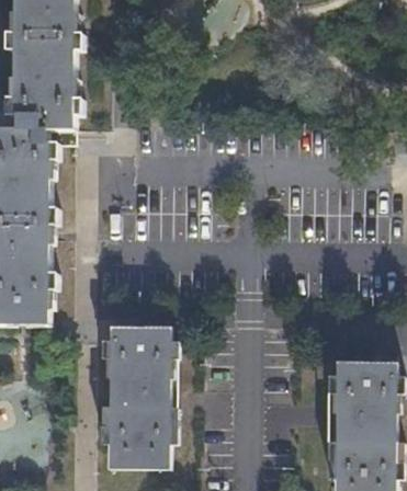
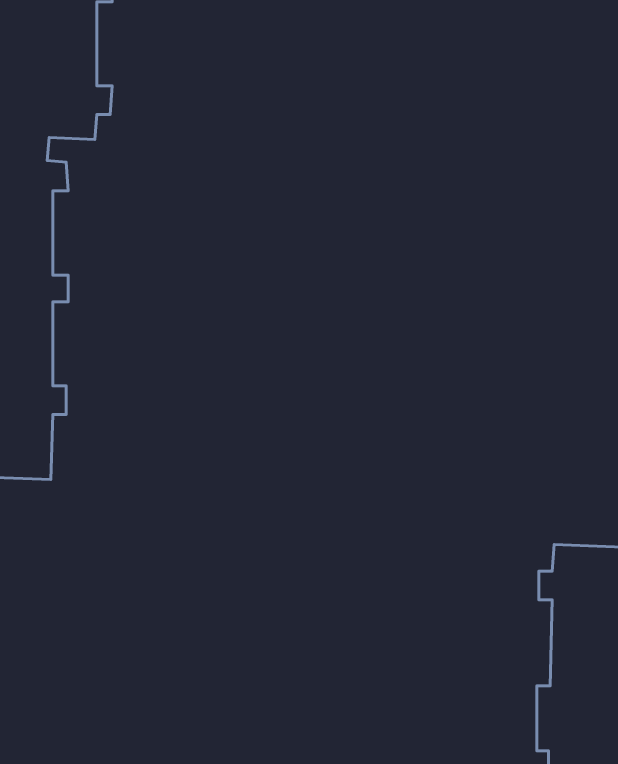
building: [101,323,179,468] -> none

